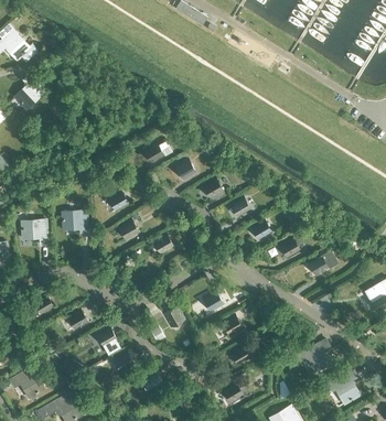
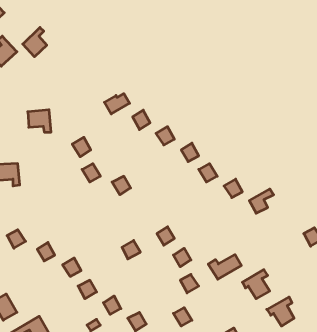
building: none -> [23,27,47,57]
building: [62,210,88,236] -> [28,110,51,132]
building: none -> [208,255,241,279]

